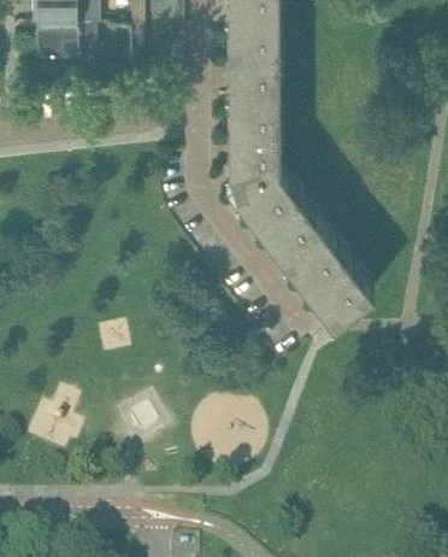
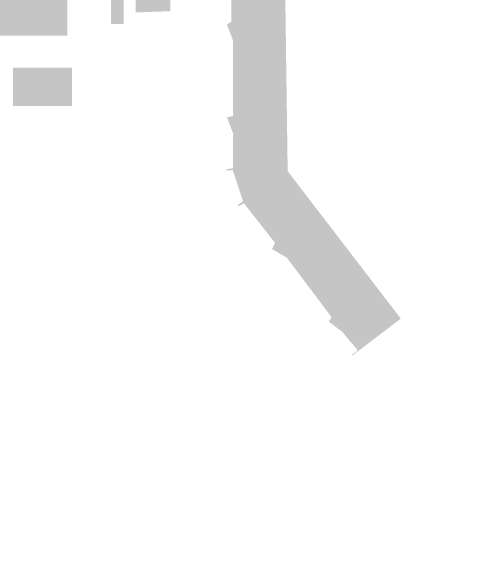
building: none -> [13,67,73,107]

